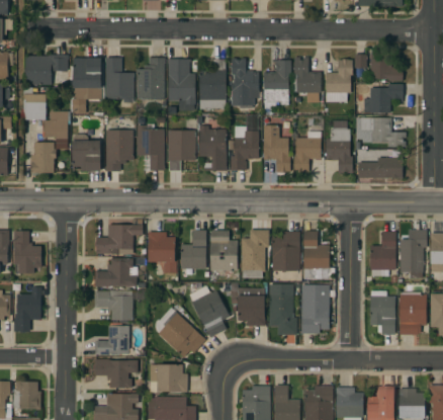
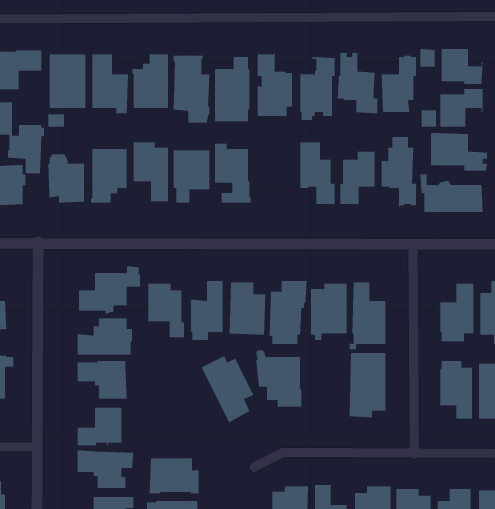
building: [229,125,258,170] -> none
building: [268,284,296,335] -> none
building: [158,311,205,357] -> none

